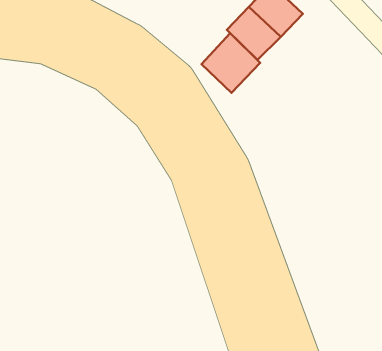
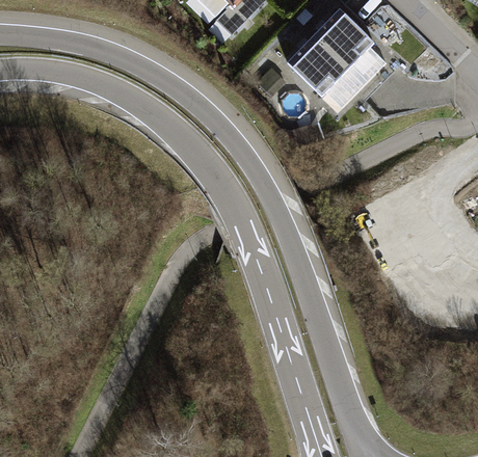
building: [202,33,260,93] -> none

